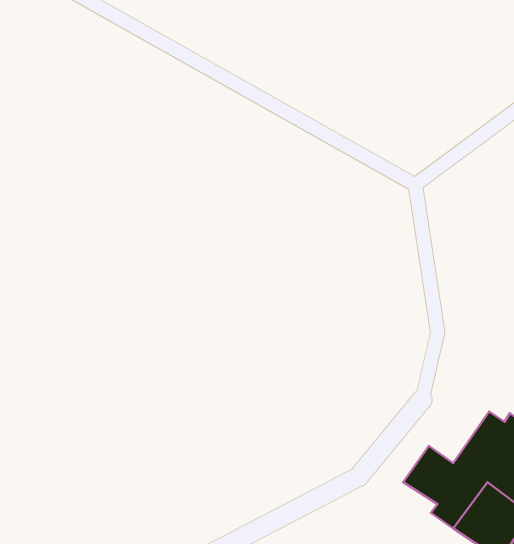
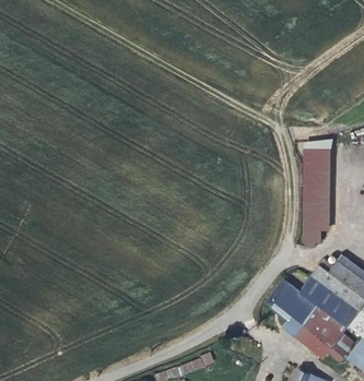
building: none -> [303,144,332,237]

